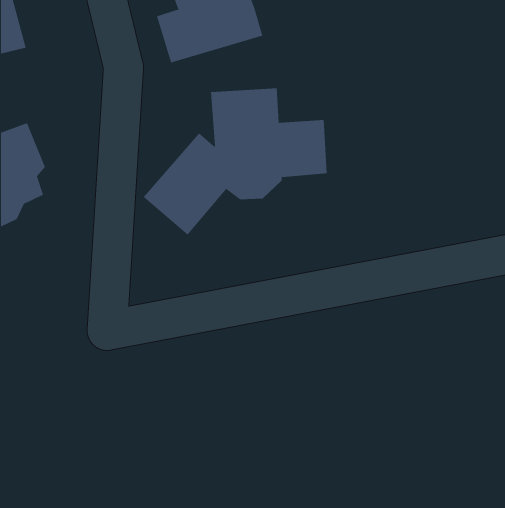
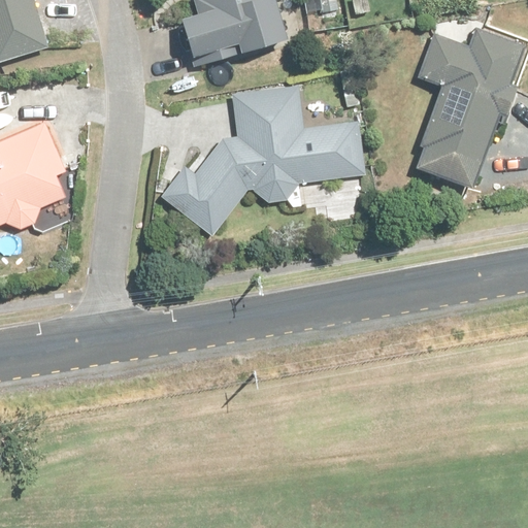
building: none -> [401,22,523,189]

